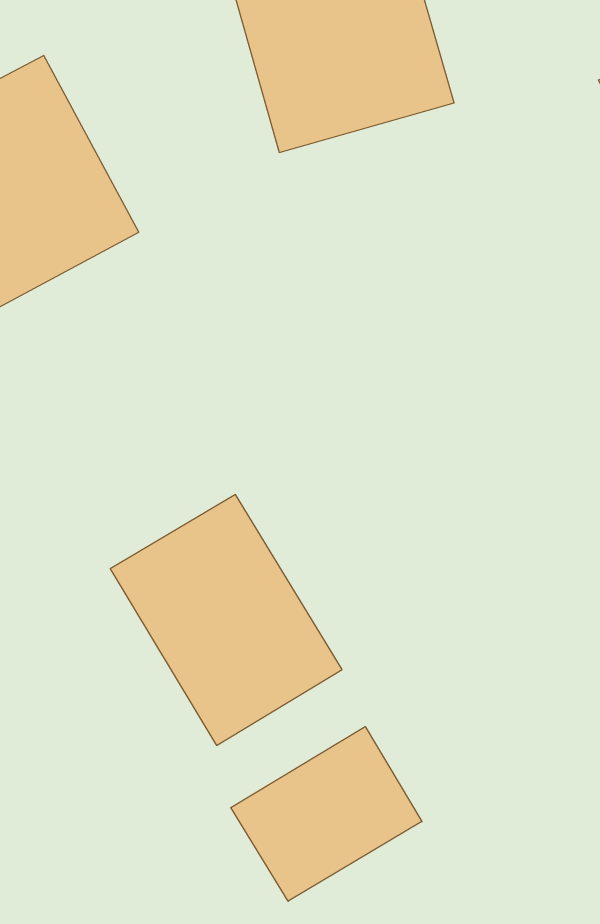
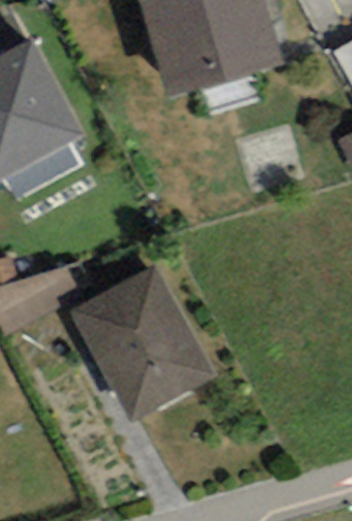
building: [231,727,422,901] -> none

